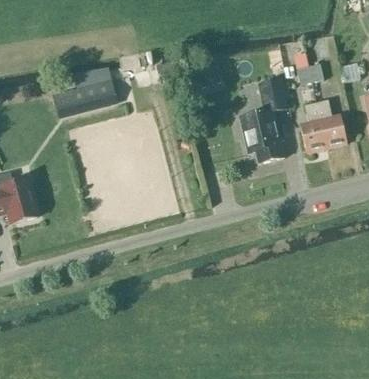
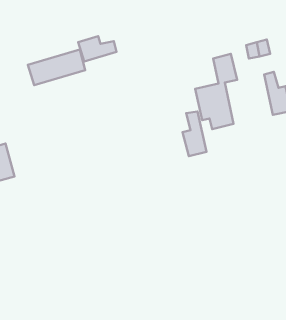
building: none -> [78,36,116,61]
building: [299,100,326,150] -> [182,111,207,156]

